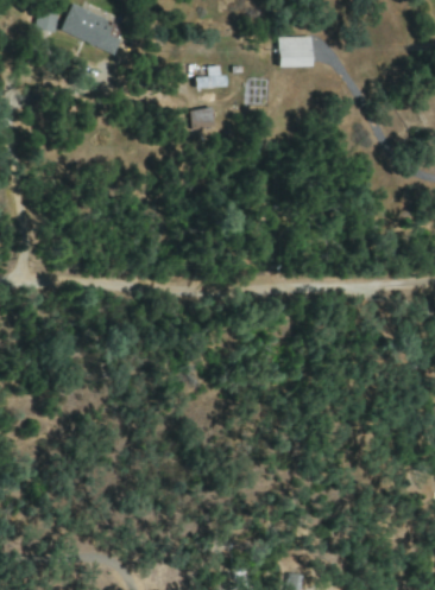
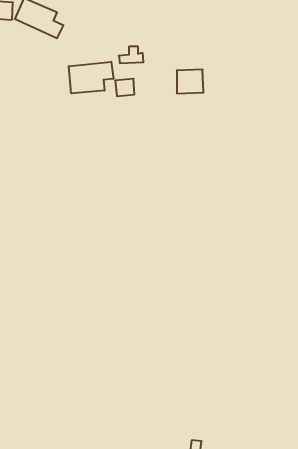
building: [278,36,313,66] -> [177,70,203,93]
building: none -> [69,62,113,93]

